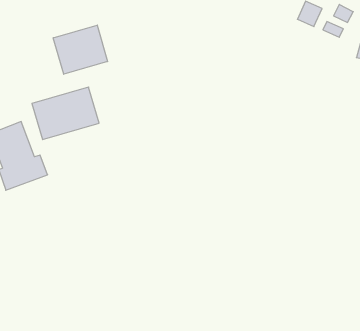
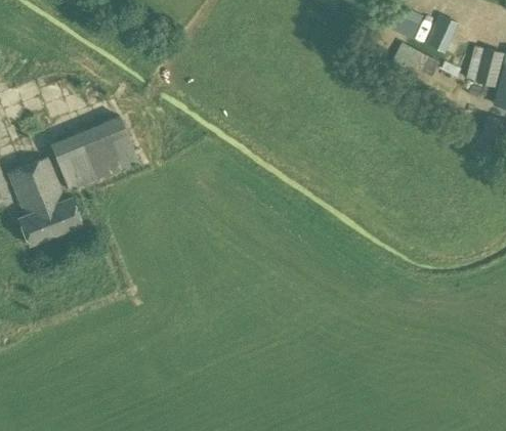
building: [53,25,108,74] -> none
building: none -> [393,44,439,79]

